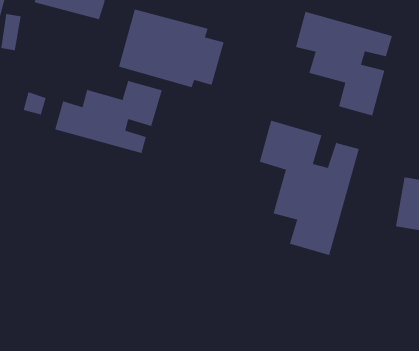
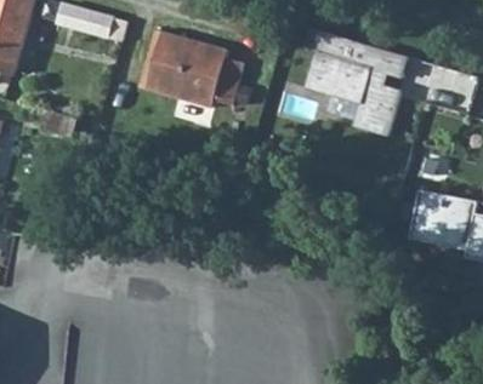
building: [55,80,162,154] -> none
building: [259,120,360,256] -> none

